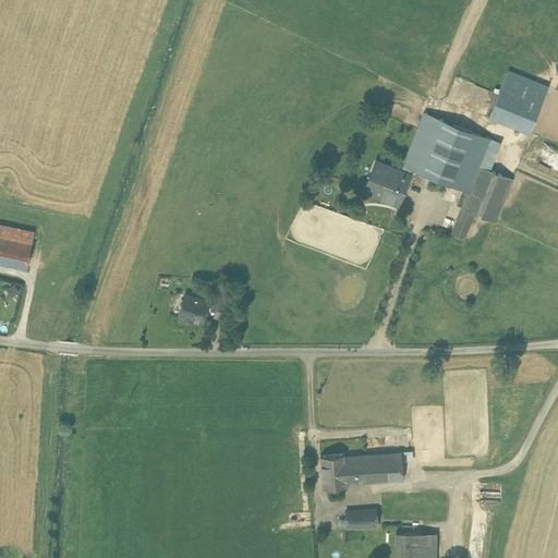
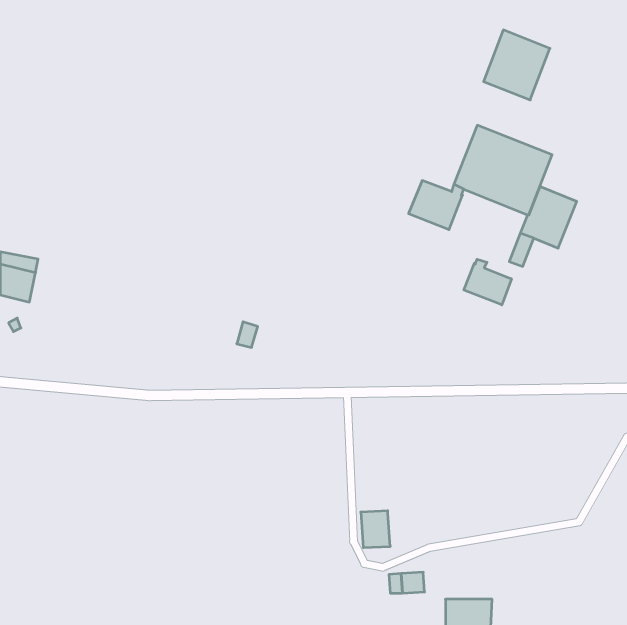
building: [489,73,548,135] -> [484,30,550,100]
building: none -> [464,259,511,305]
building: [179,295,208,323] -> none
building: [344,453,403,487] -> none

